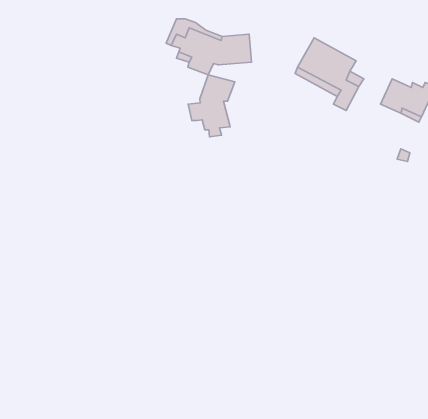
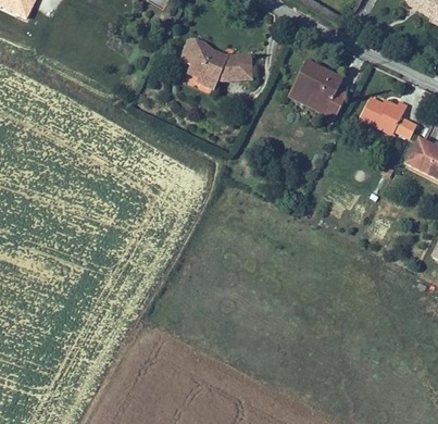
building: [188,75,235,137] -> none

